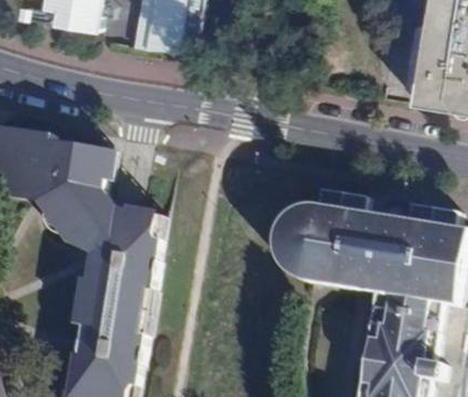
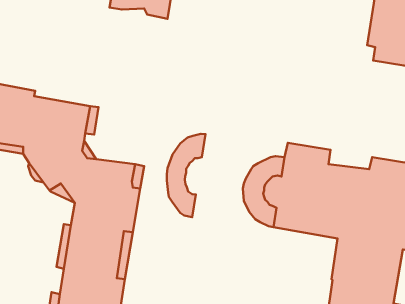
building: none -> [167,134,206,217]

